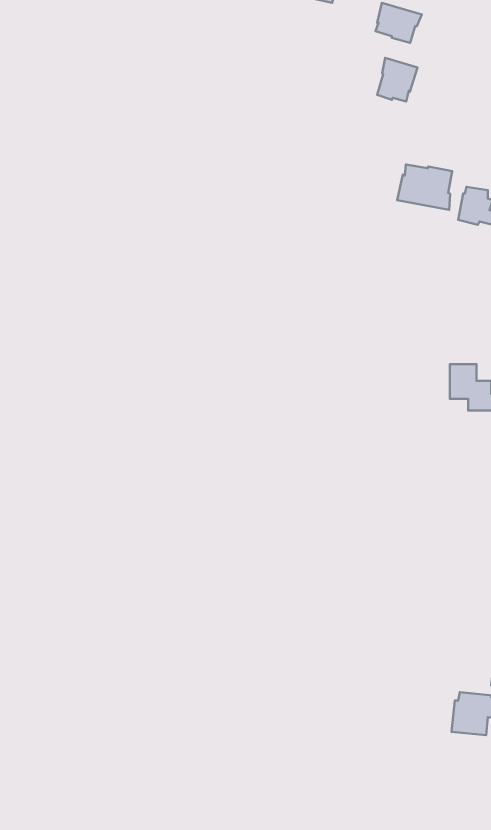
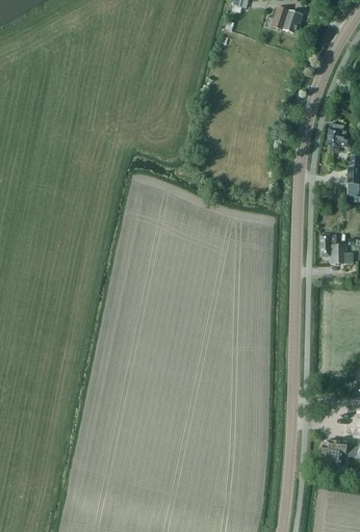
building: [377,58,418,102] -> none
building: [397,164,452,210] -> none

